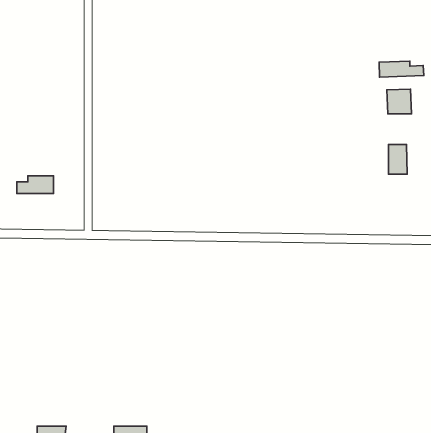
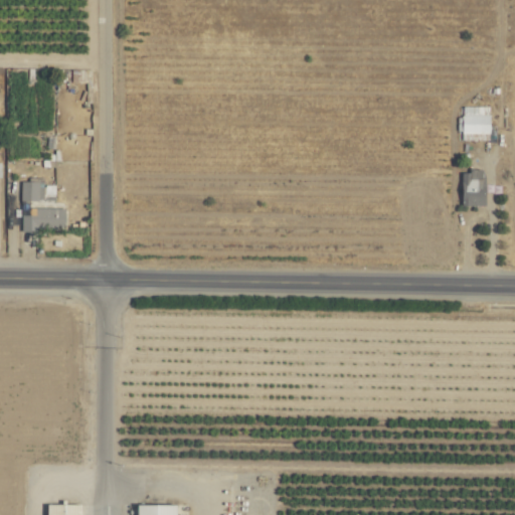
building: [379,61,424,77] -> none
building: none -> [22,180,56,201]

